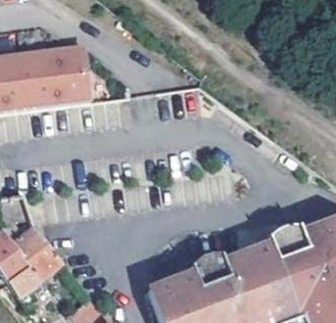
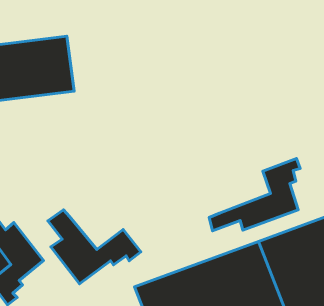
building: none -> [209,159,300,231]
building: none -> [48,210,141,284]

